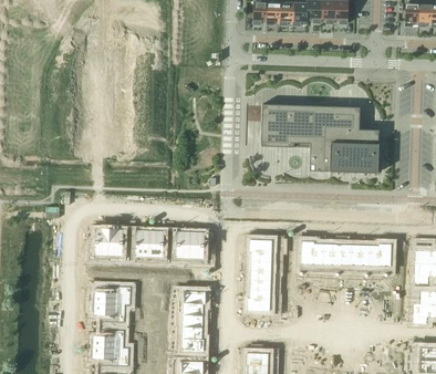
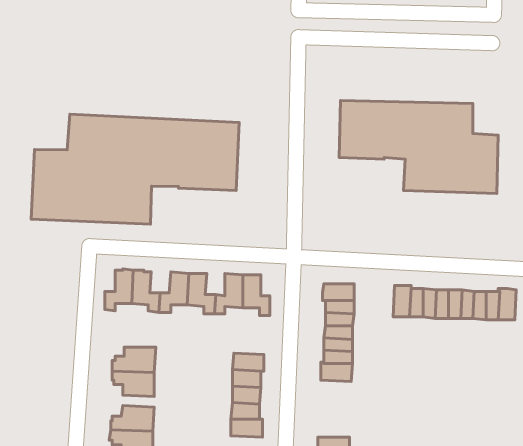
building: none -> [31,114,239,224]

